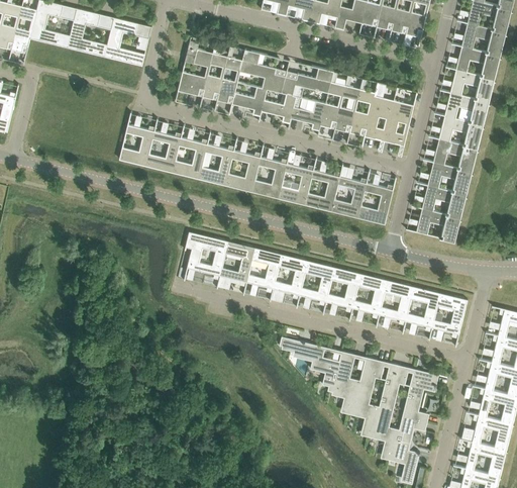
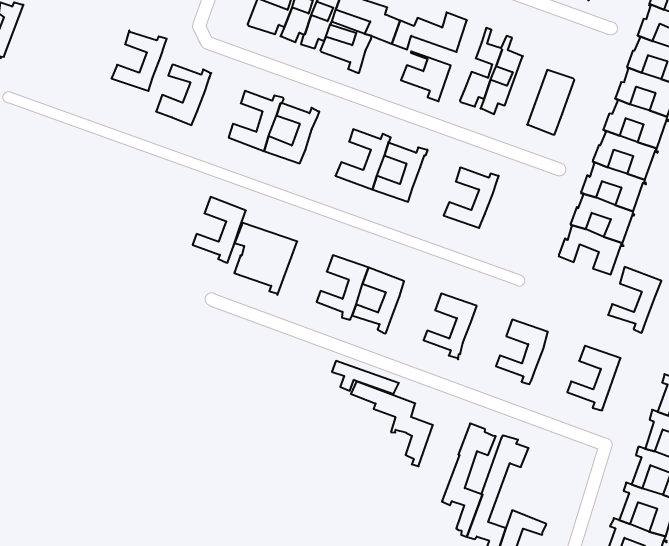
building: [320,72,345,128] -> none
building: [262,90,296,124] -> none
building: [364,96,394,141] -> none
building: [145,131,182,173] -> [111,30,167,91]
building: [225,152,262,192] -> none
building: [305,171,341,212] -> none
building: [357,184,394,224] -> none
building: [220,241,255,287] -> [193,197,246,263]
building: [300,262,335,306] -> none
building: [353,274,388,319] -> none
building: [406,287,441,332] -> [608,267,661,333]
building: [332,352,360,415] -> none
building: [402,372,438,423] -> none

